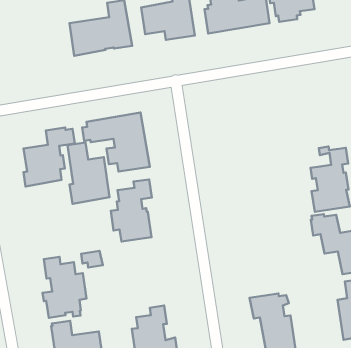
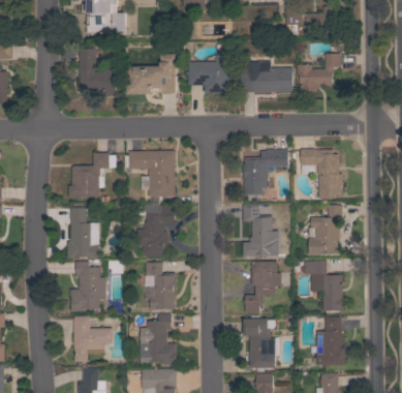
building: none -> [79,49,118,95]
building: none -> [301,149,342,199]
building: none -> [242,149,288,194]
building: [67,143,110,204] -> [67,208,99,258]
building: none -> [242,204,278,256]
building: none -> [245,261,281,311]
building: none -> [145,262,176,309]

